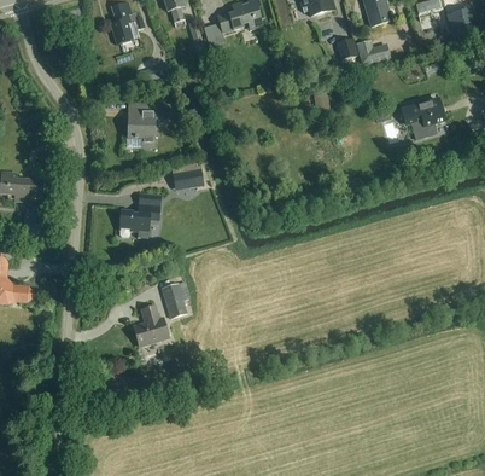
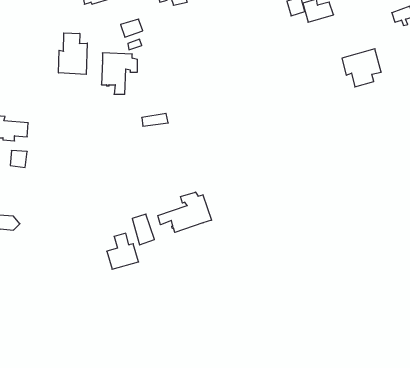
building: none -> [59,33,87,74]
building: [118,204,159,238] -> none
building: none -> [158,192,212,232]

